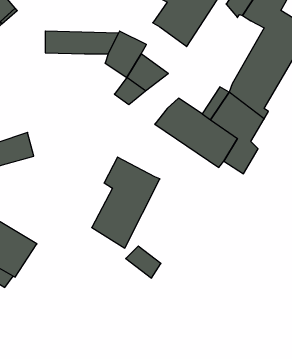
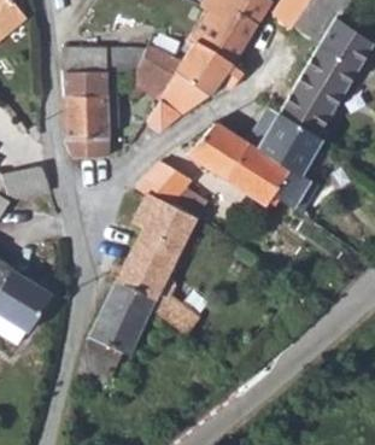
building: none -> [175,40,239,94]
building: none -> [63,70,109,136]
building: none -> [137,162,198,215]
building: none -> [76,274,156,394]

